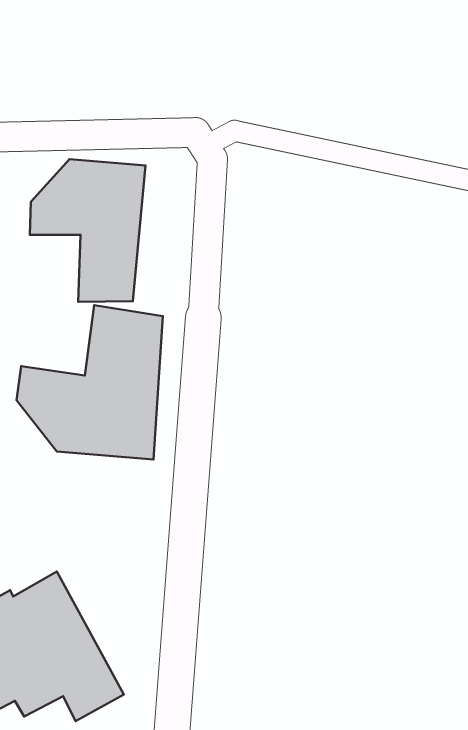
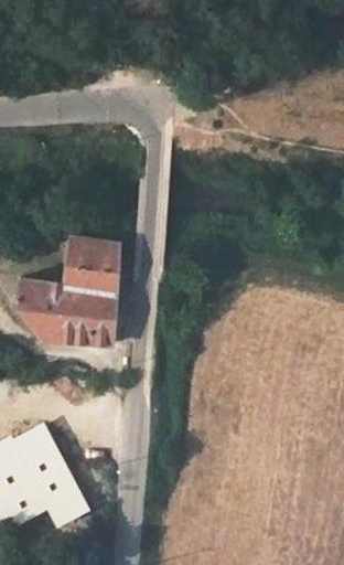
building: [30,159,146,302] -> none

